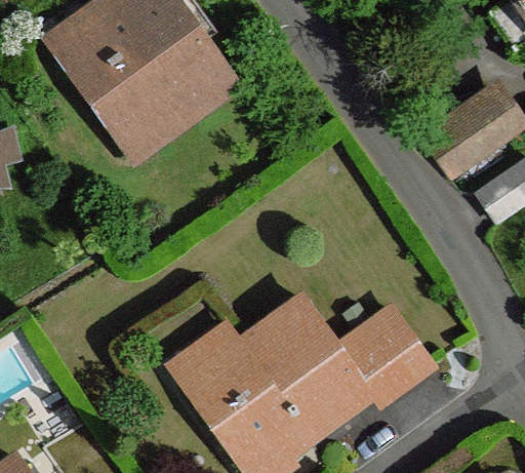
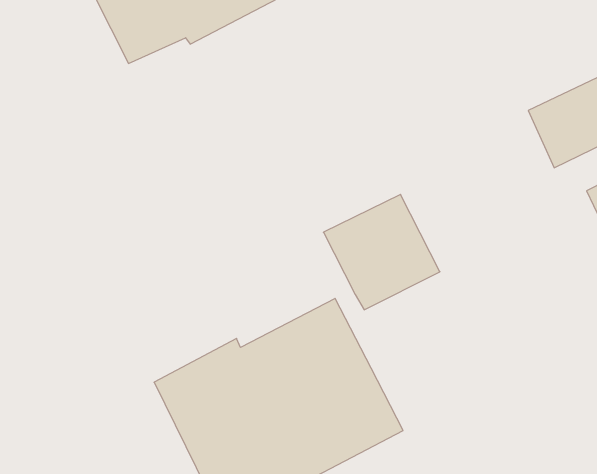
building: [341,311,432,400] -> [323,194,440,310]

